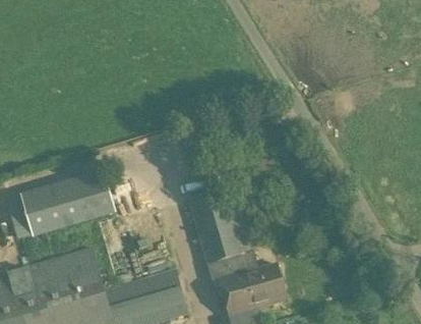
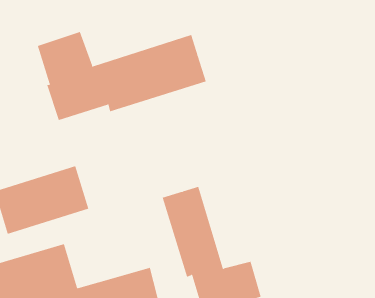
building: none -> [37,31,207,121]

